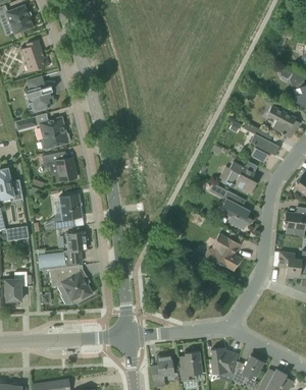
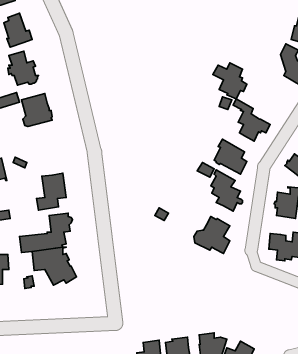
building: [266,103,299,137] -> [213,63,247,99]
building: [41,153,75,181] -> none

